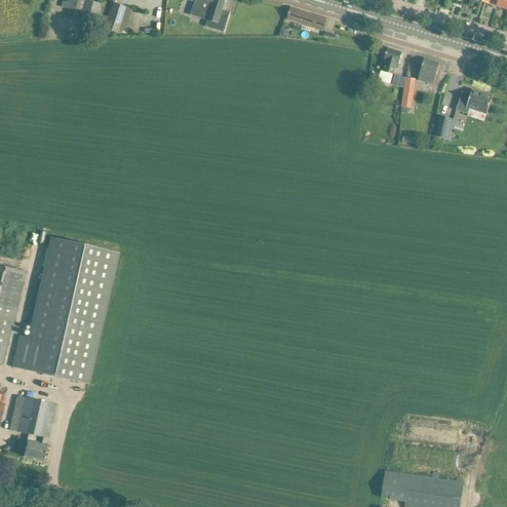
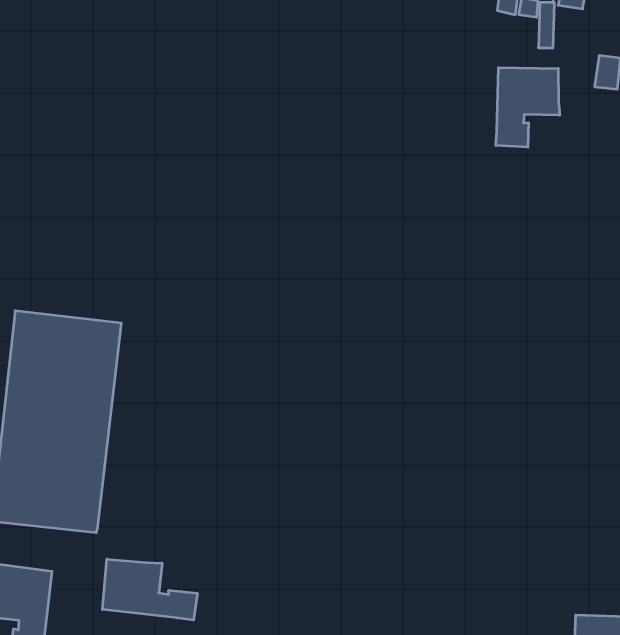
building: none -> [496,68,560,147]
building: none -> [102,559,197,620]

